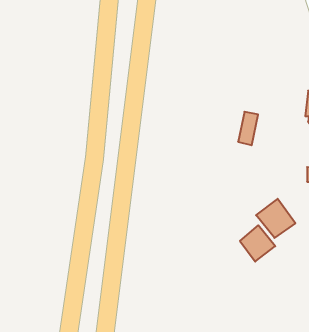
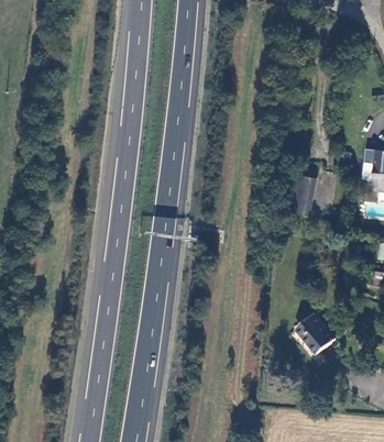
building: [256,199,295,238] -> none

